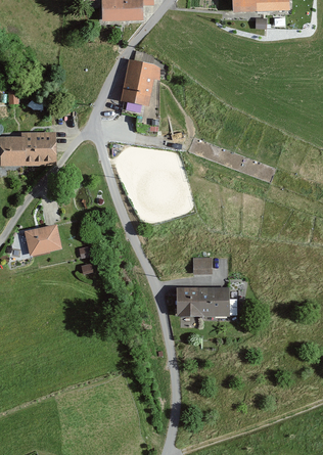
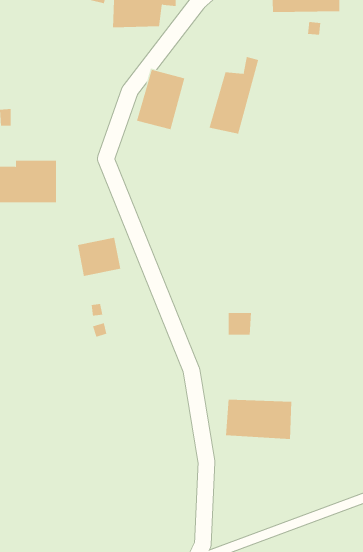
building: none -> [209,56,259,135]
building: [25,224,60,256] -> [77,237,121,276]
building: [175,285,229,318] -> [225,399,292,439]

